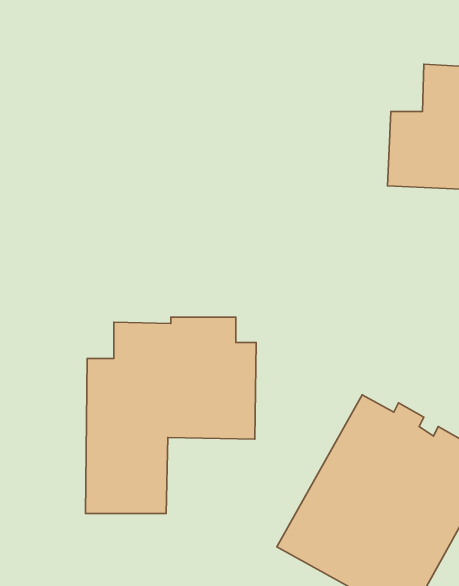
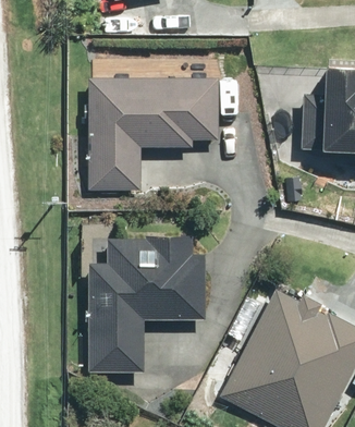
building: none -> [90,83,211,186]

